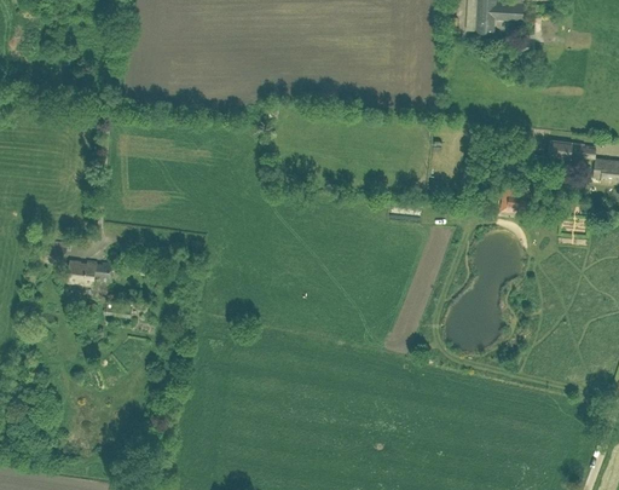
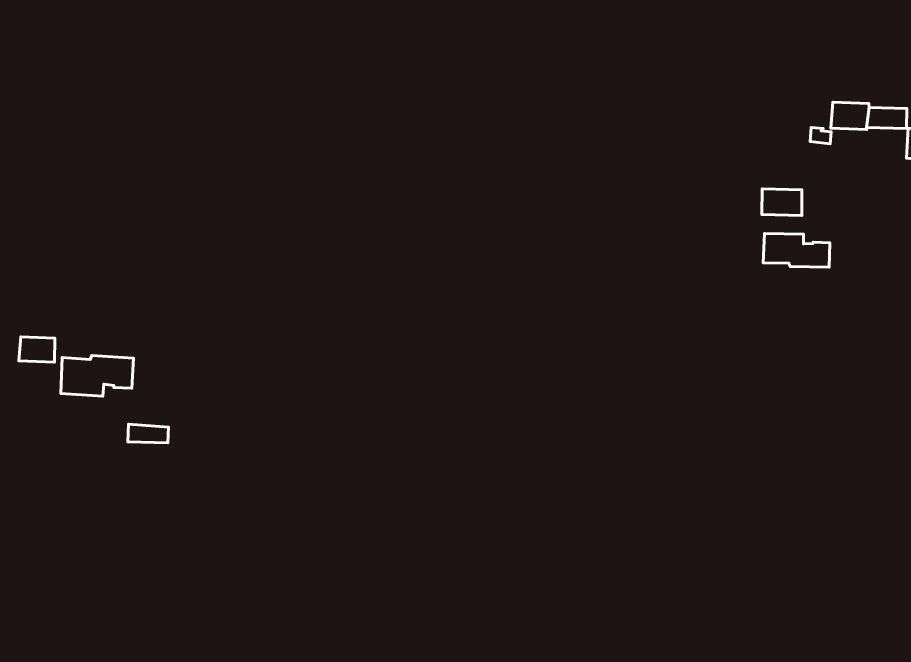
building: none -> [763,233,830,267]

